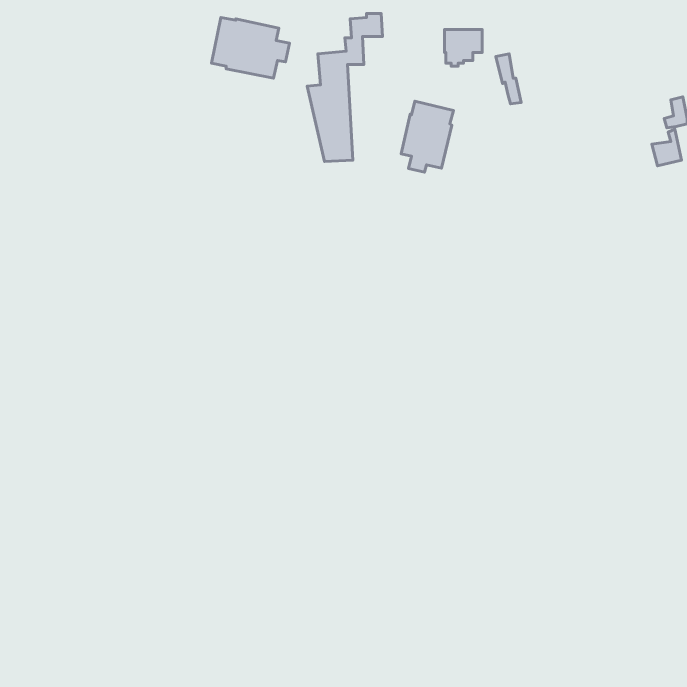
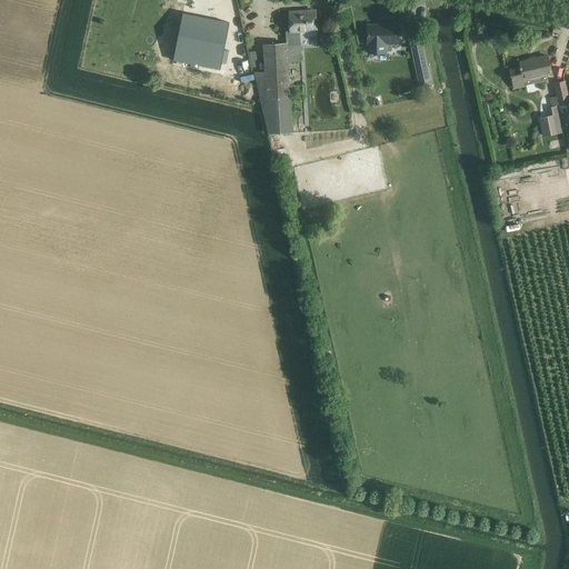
building: none -> [509,56,551,87]
building: [401,101,453,172] -> none

